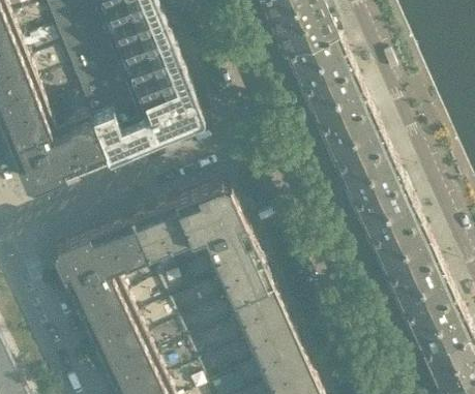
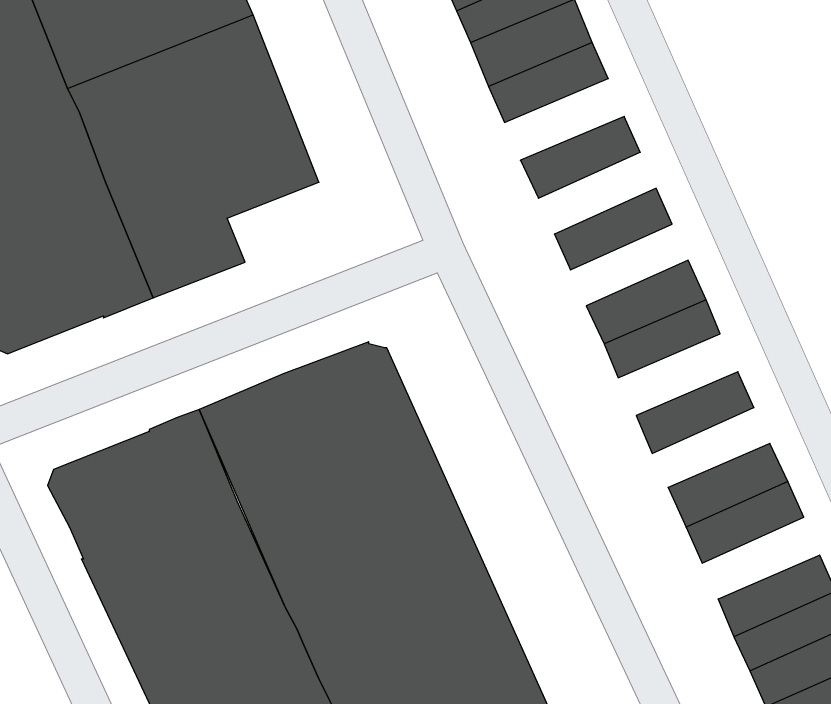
building: [292,48,354,90] -> none
building: [309,86,370,128] -> none
building: [148,101,204,143] -> none
building: [326,123,387,165] -> none
building: [351,180,413,222] -> none
building: [368,218,429,260] -> none
building: [394,275,455,317] -> none

